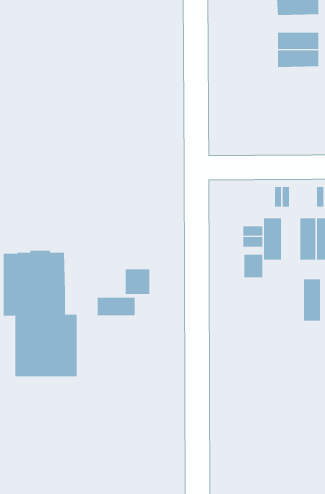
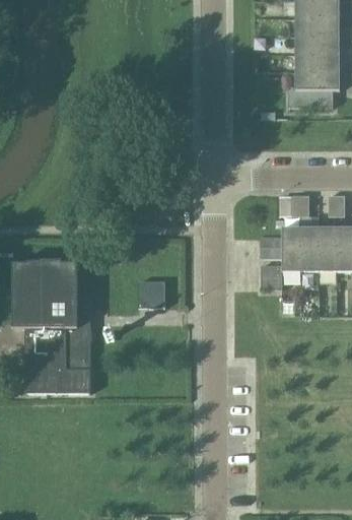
building: none -> [295,16,339,35]
building: none -> [288,70,339,106]
building: [303,279,321,321] -> [300,226,319,270]
building: [97,297,135,316] -> none

